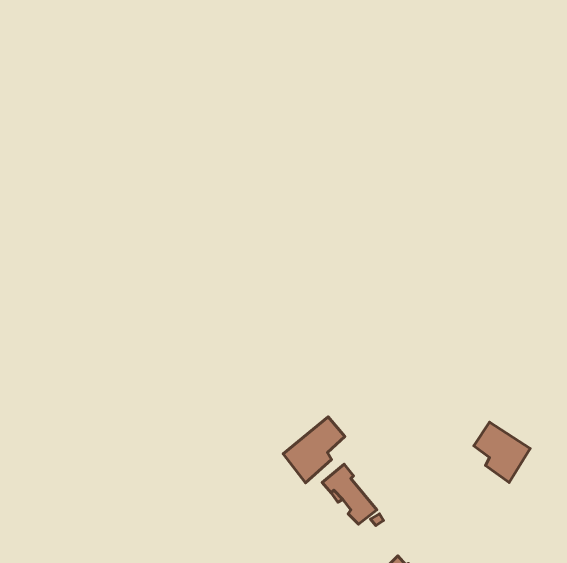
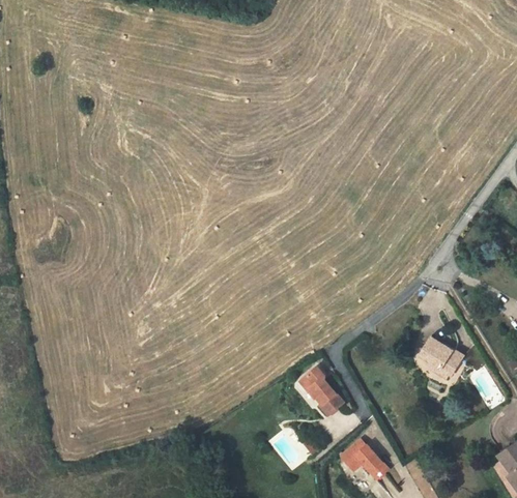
building: [283,417,345,483] -> none

